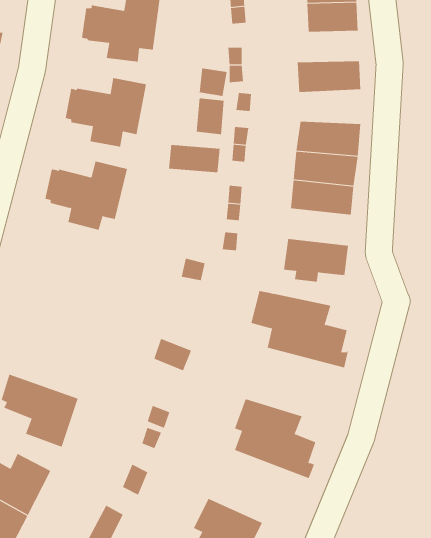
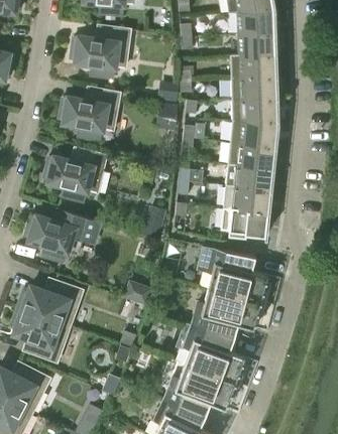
building: none -> [229,54,276,78]
building: none -> [231,98,277,123]
building: [168,144,220,173] -> none
building: none -> [223,185,270,212]
building: none -> [24,208,100,262]
building: none -> [17,281,82,325]
building: none -> [192,288,265,338]
building: none -> [164,364,239,417]

